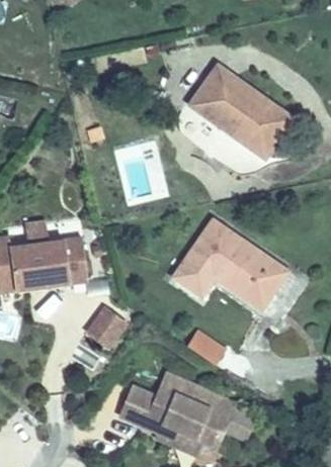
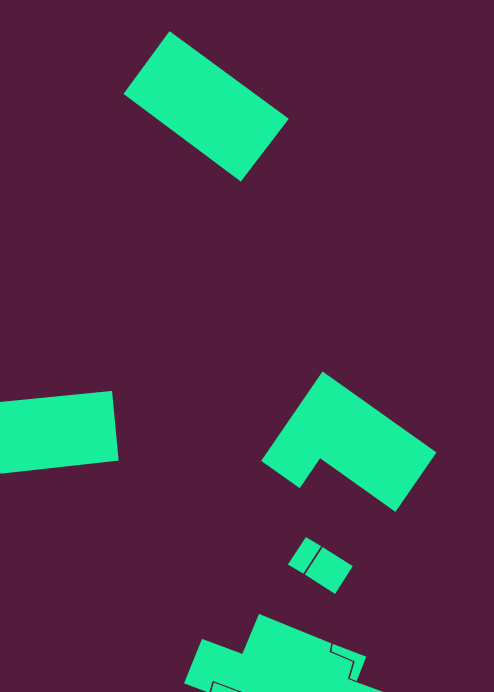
building: [186,69,287,161] -> [122,30,290,183]
building: [88,306,130,349] -> none

